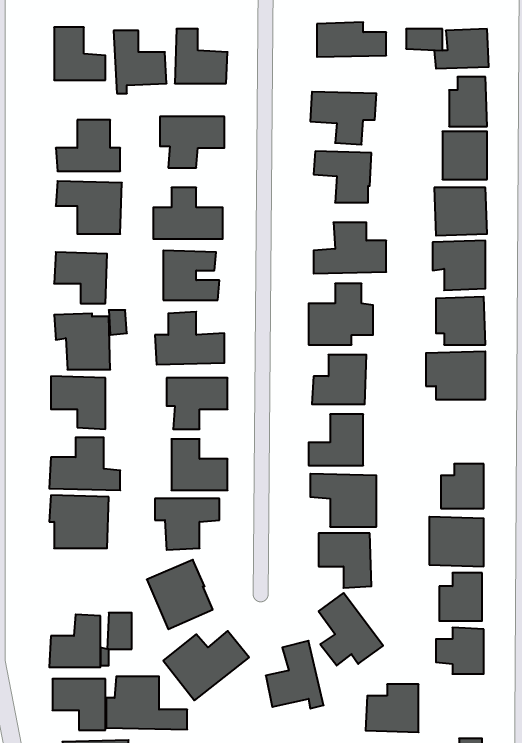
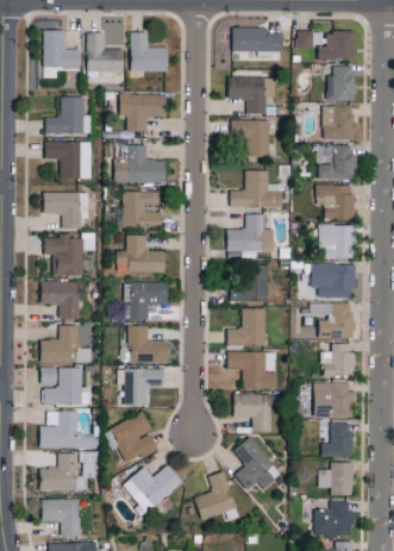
building: none -> [308,302,352,338]
building: [106,676,187,729] -> [39,411,98,449]
building: [366,684,419,732] -> [313,501,351,536]

